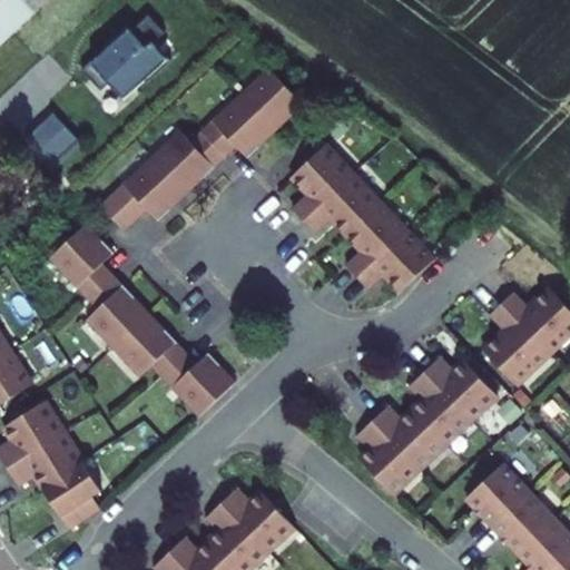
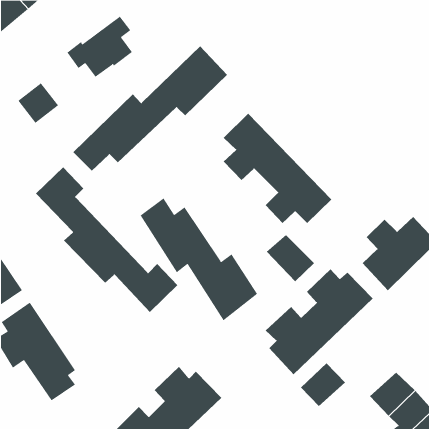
building: none -> [140,197,258,321]
building: none -> [266,234,315,282]
building: [465,466,525,525] -> [300,362,346,407]

